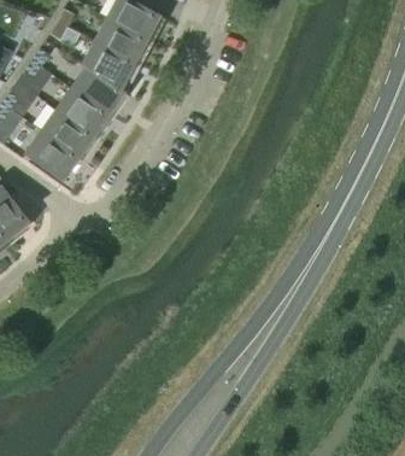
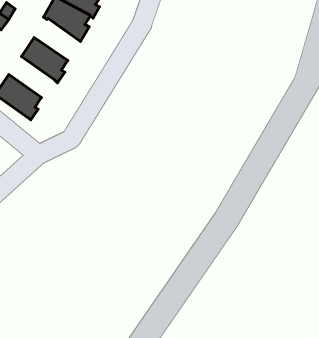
building: [72,66,125,118] -> none
building: [43,110,95,160] -> none

